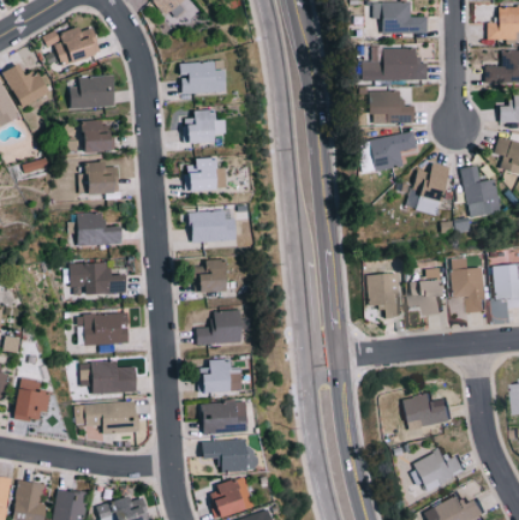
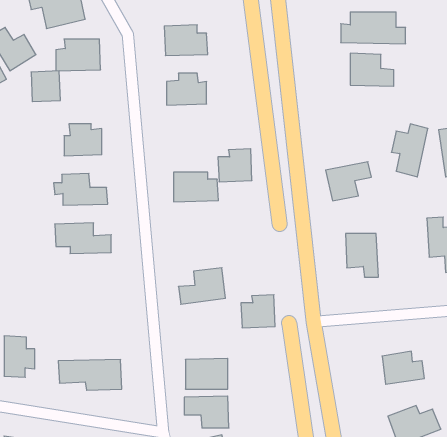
building: [84,121,114,153] -> [31,71,60,102]
building: [370,131,417,171] -> [326,162,371,201]
building: [185,157,220,191] -> [218,149,252,182]
building: [195,259,228,293] -> none
building: [411,268,443,315] -> none
building: [84,312,130,343] -> none
building: [198,359,233,393] -> [241,295,275,328]
building: [80,363,137,393] -> none

